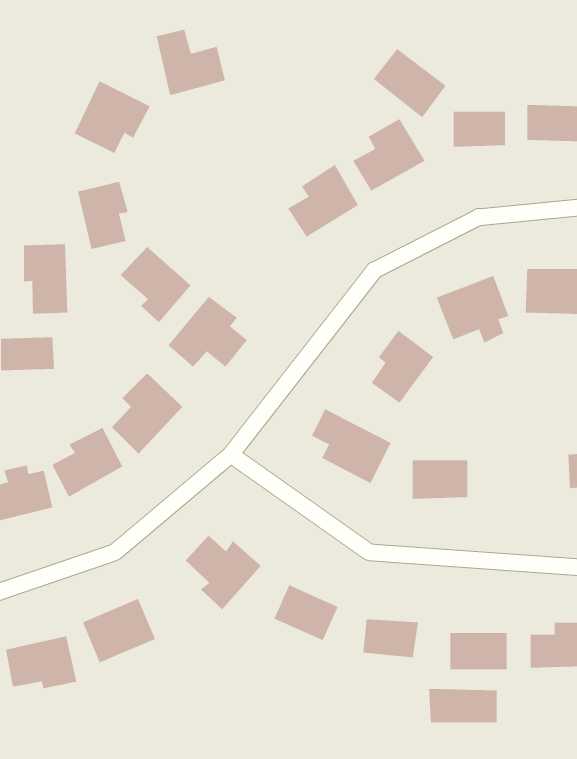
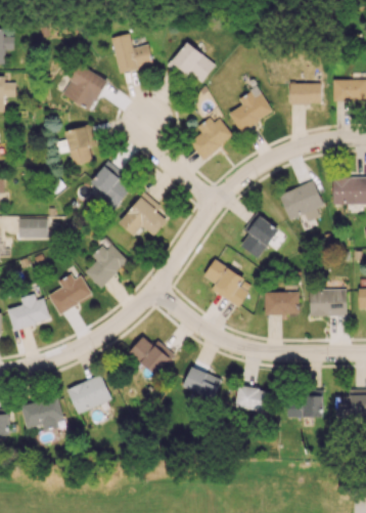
building: [373,48,446,118] -> [172,42,216,84]
building: [23,244,68,314] -> none
building: none -> [310,289,347,316]
building: [428,688,497,723] -> none

